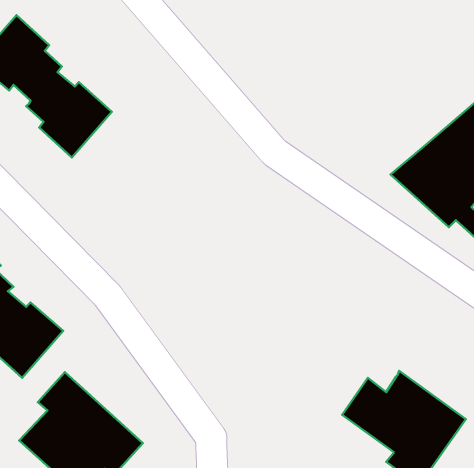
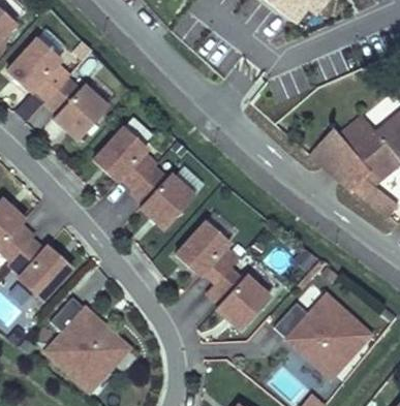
building: none -> [94,127,194,229]
building: none -> [177,221,270,331]

